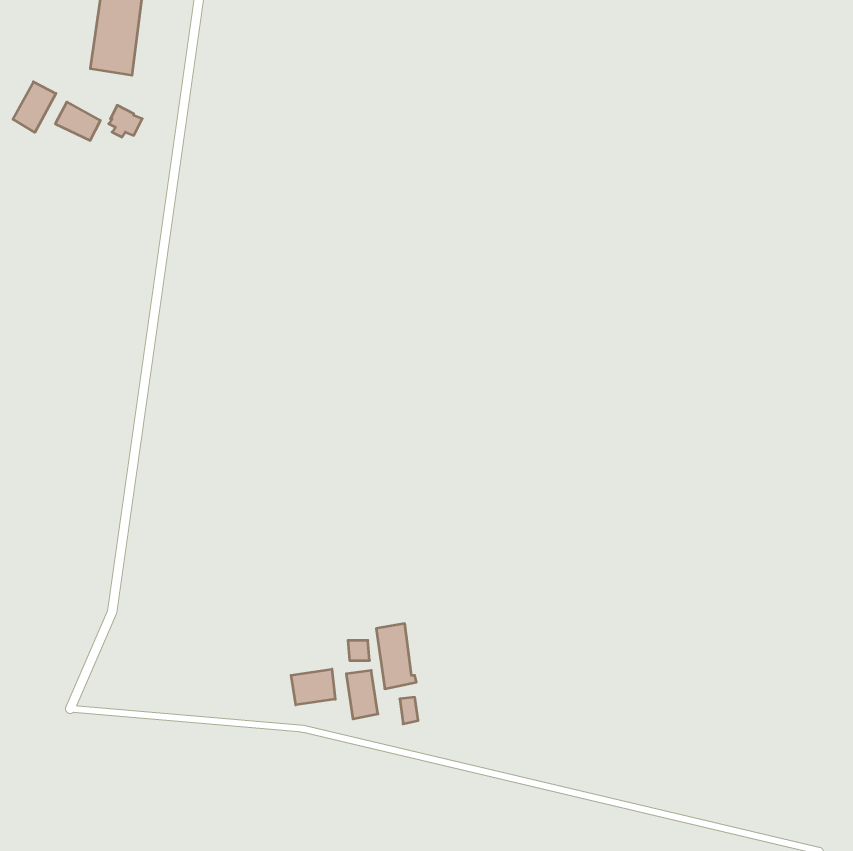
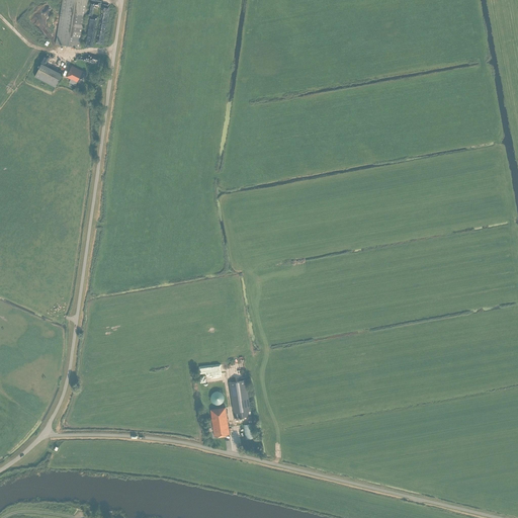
building: [13,82,56,132] -> none
building: [291,669,335,705] -> none

